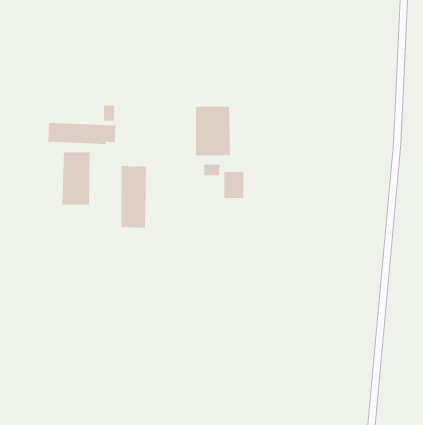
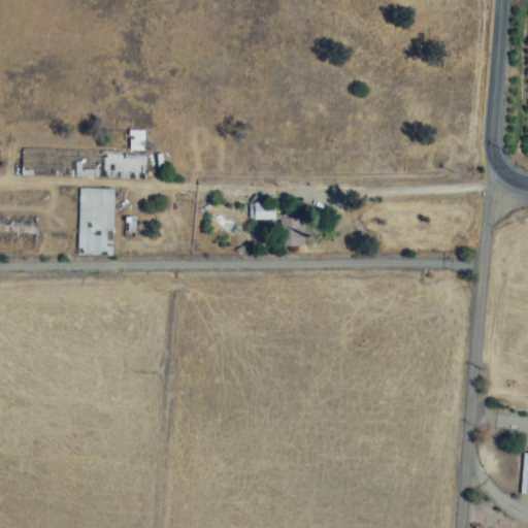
building: [195,106,231,156] -> none
building: [121,165,147,229] -> none

